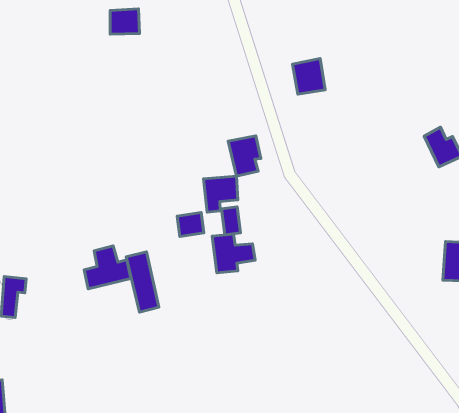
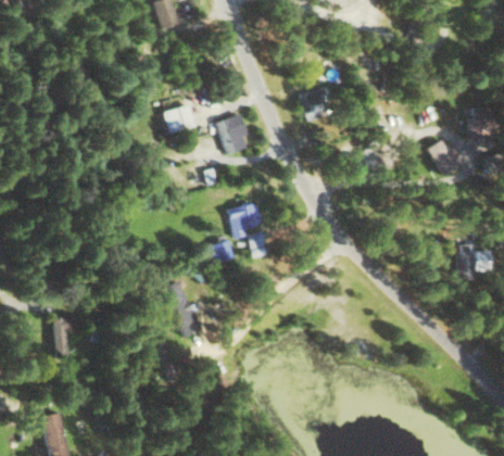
building: [110,9,140,34] -> [165,104,194,130]
building: [228,136,261,176] -> [216,113,248,152]
building: [212,234,255,273] -> none
building: [84,246,131,289] -> none

